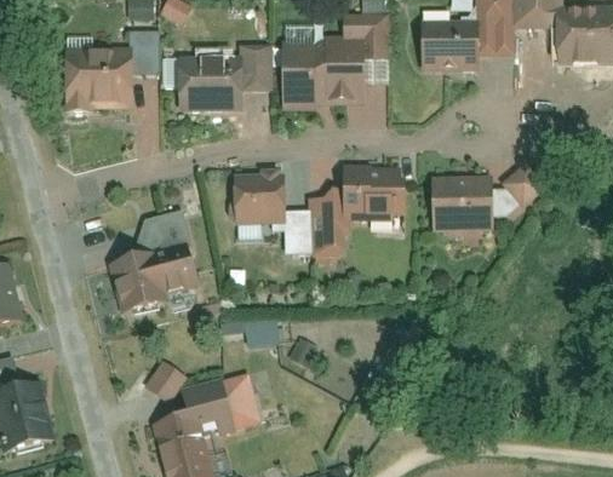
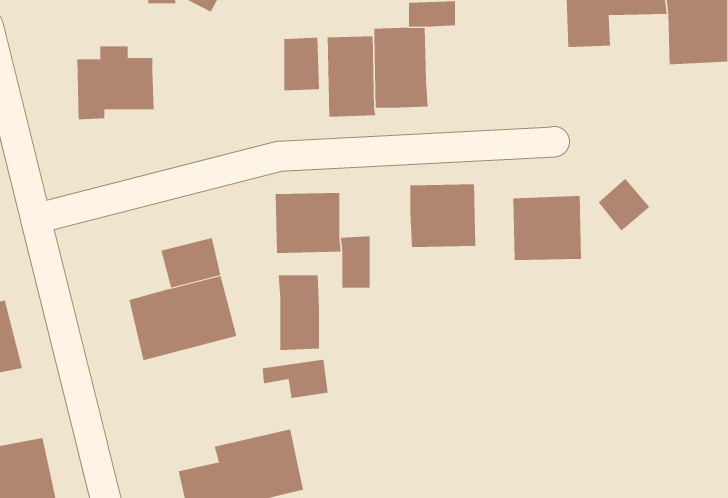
building: [425,19,477,68] -> none
building: [131,29,159,71] -> none
building: [359,34,385,80] -> none
building: [179,54,241,109] -> none
building: [311,190,346,253] -> [278,275,320,350]
building: [144,361,182,400] -> none

